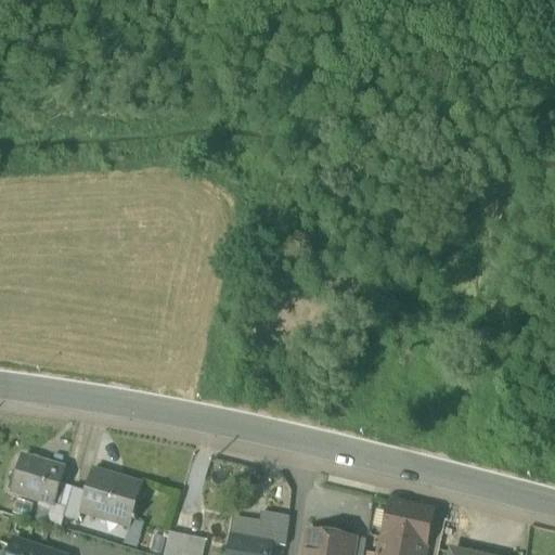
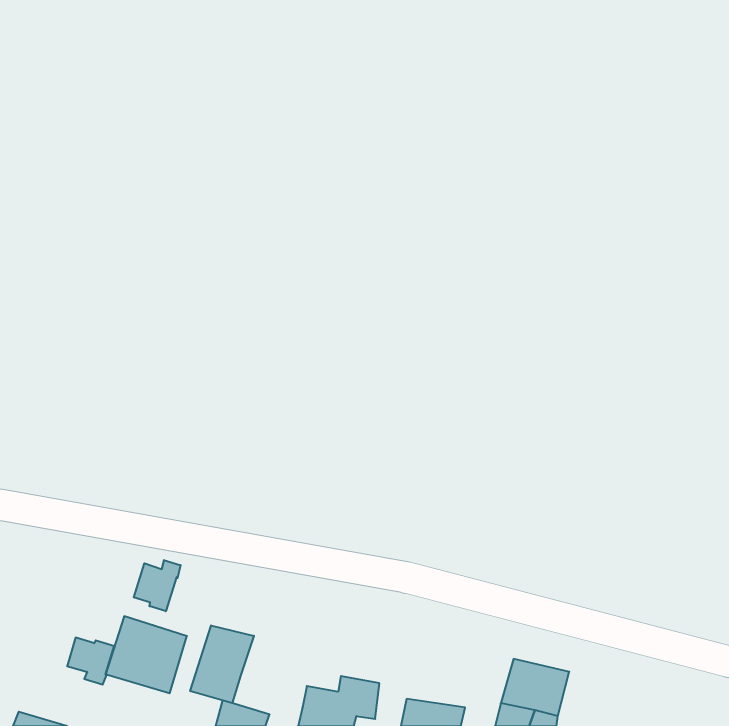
building: none -> [134,560,181,611]
building: [12,457,62,506] -> none
building: none -> [190,625,254,703]

